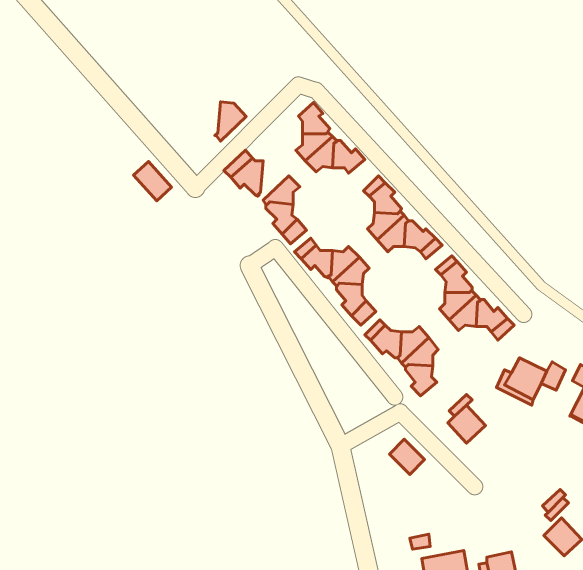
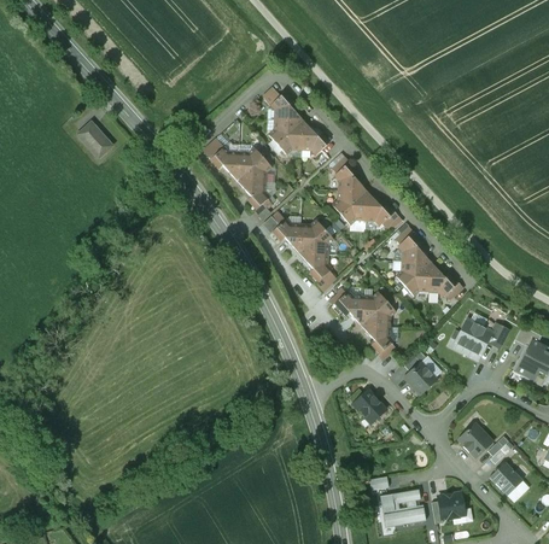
building: [215,102,246,141] -> [234,144,262,179]
building: [134,161,172,201] -> [77,122,111,157]
building: none -> [457,422,492,457]

